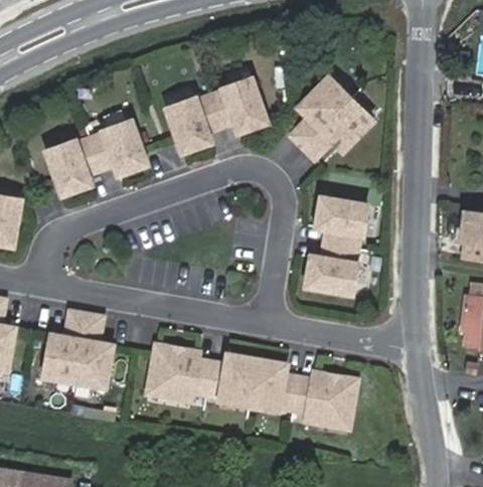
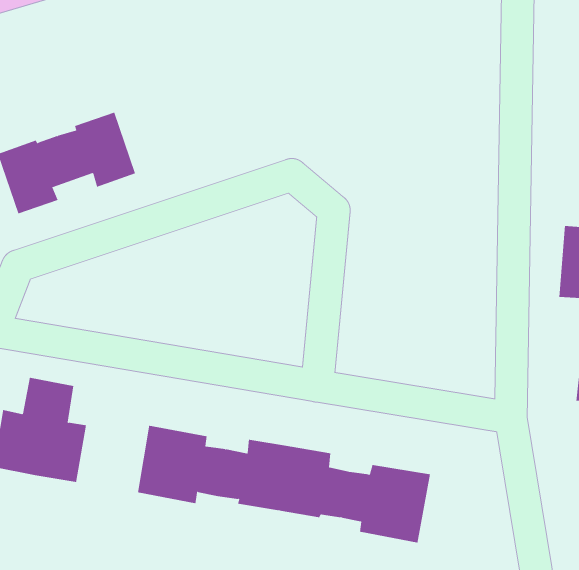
building: [167,78,267,152] -> none
building: [288,80,370,159] -> none
building: [306,198,367,295] -> none

